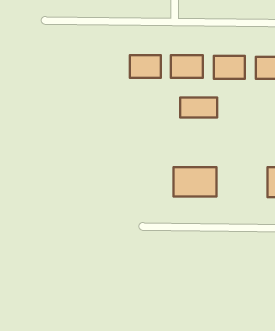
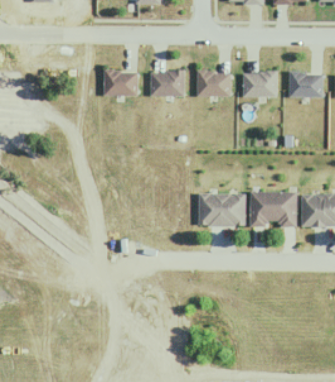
building: none -> [104,69,138,95]
building: [180,97,217,117] -> none
building: none -> [250,191,297,226]

